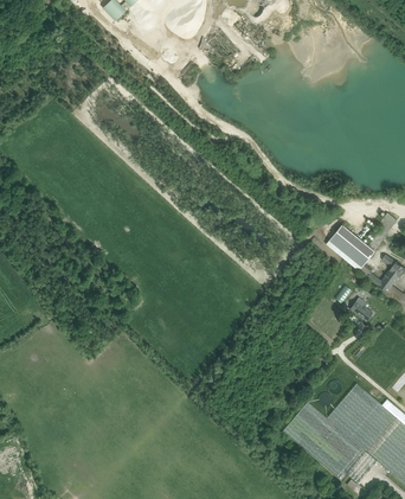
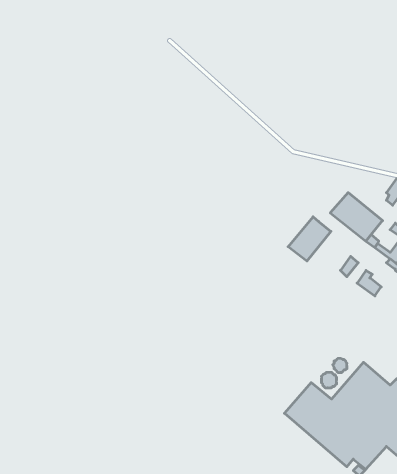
building: none -> [288,217,331,261]

